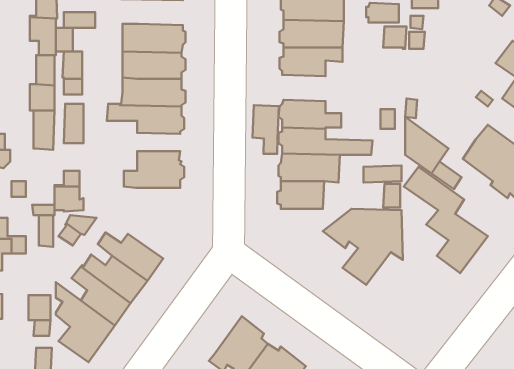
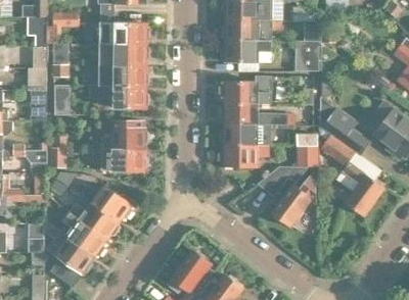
building: none -> [294,41,318,71]
building: [253,105,279,154] -> none
building: none -> [100,149,147,171]

